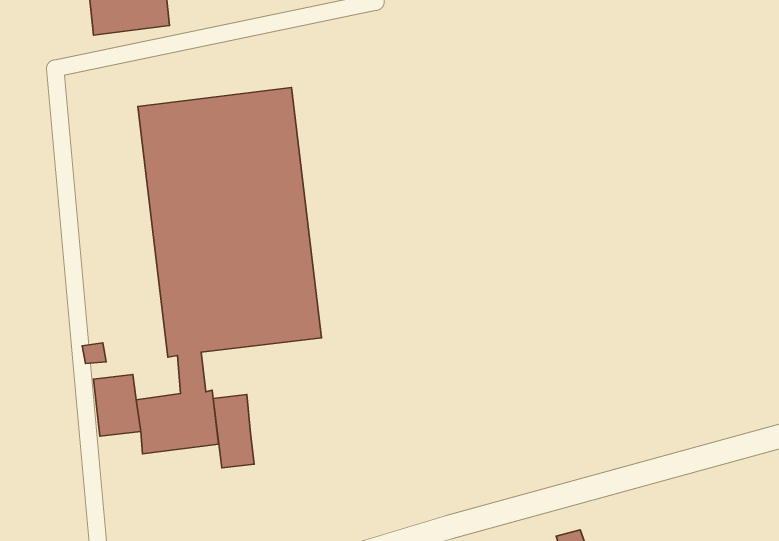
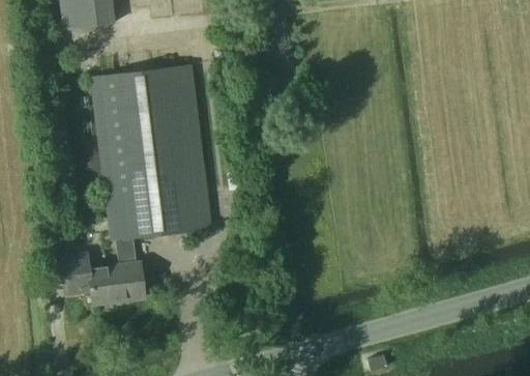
building: [213,394,254,468] -> none

